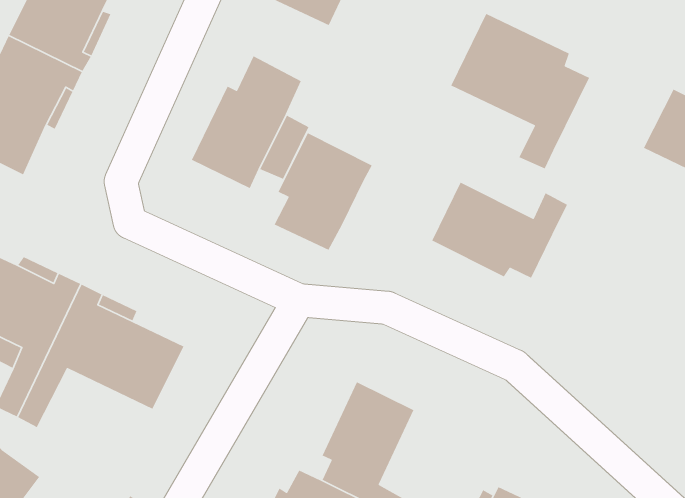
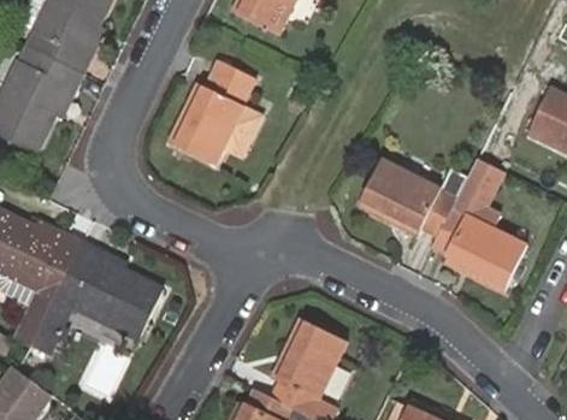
building: [450,13,590,169] -> none
building: [273,132,373,251] -> none
building: none -> [432,155,527,292]

